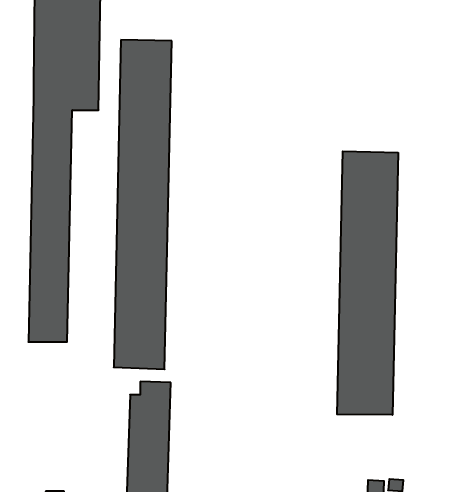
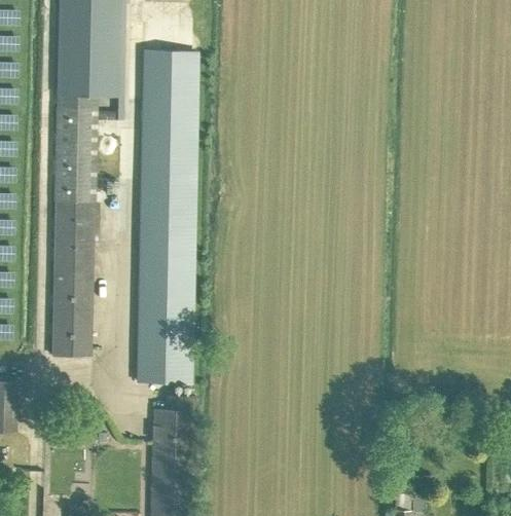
building: [337,151,398,415] -> none

